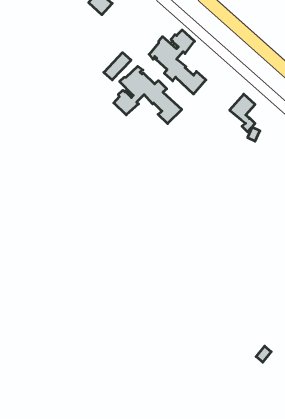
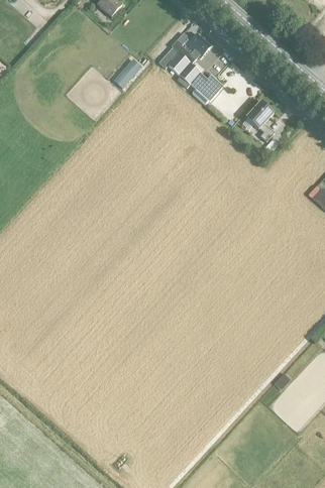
building: [114,66,182,124] -> none

